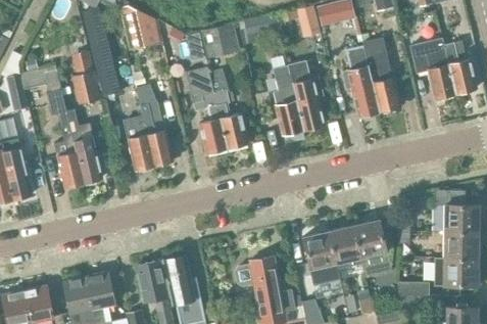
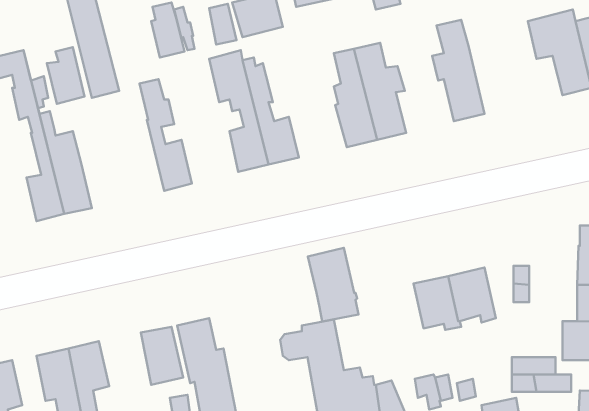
building: [362,37,399,111] -> none
building: [123,115,153,170] -> none
building: [303,231,339,283] -> [308,248,358,322]

